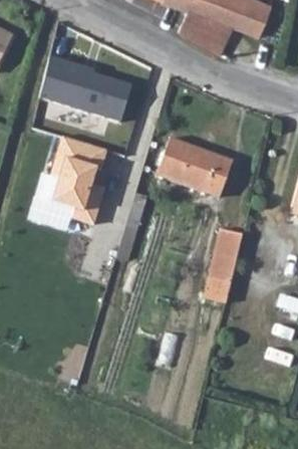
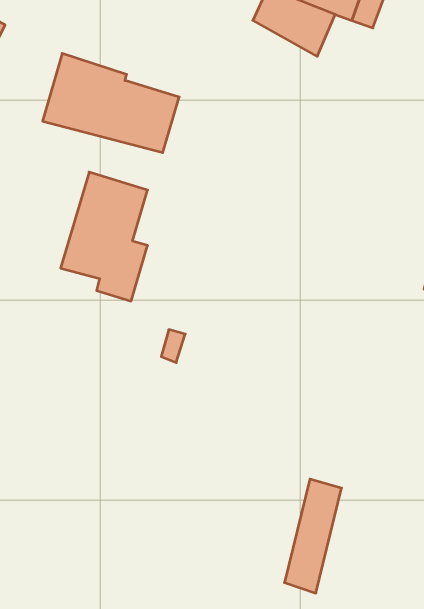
building: [159,137,234,195] -> none
building: [206,227,244,303] -> [284,479,342,593]

